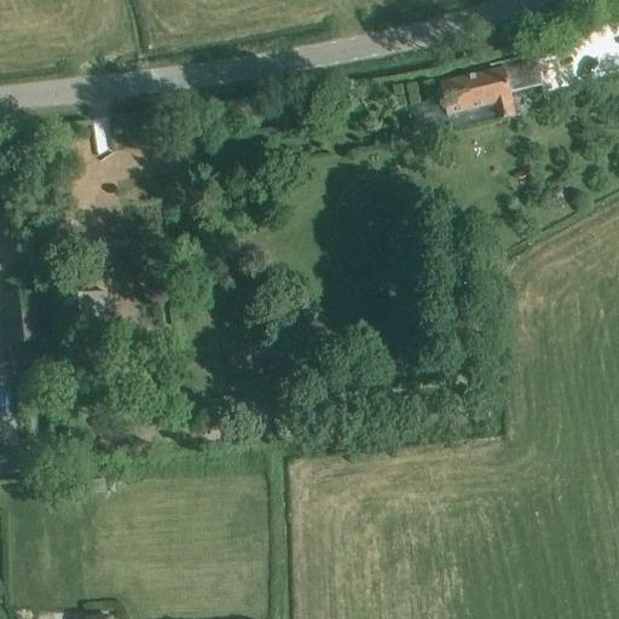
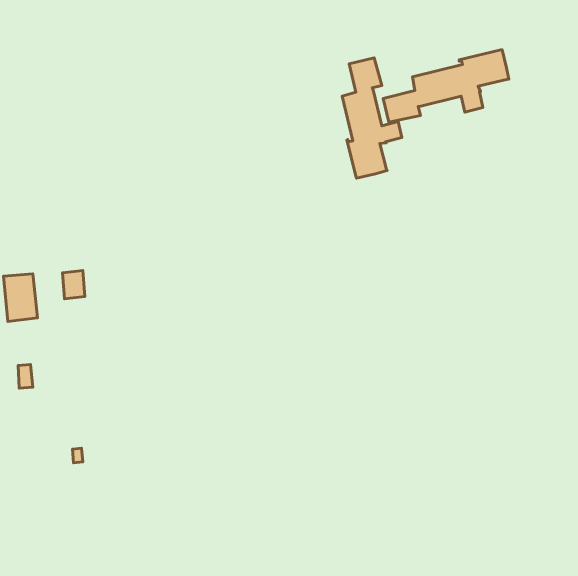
building: none -> [342,58,402,178]

